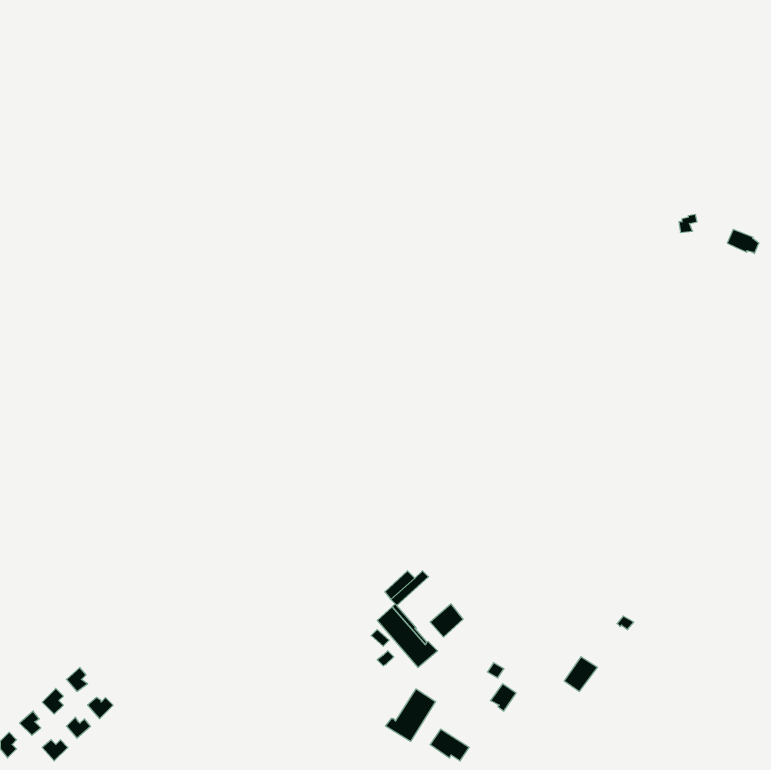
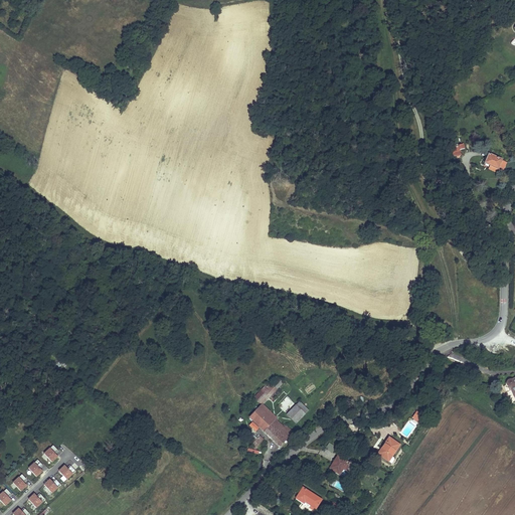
building: [385,689,436,741] -> none

